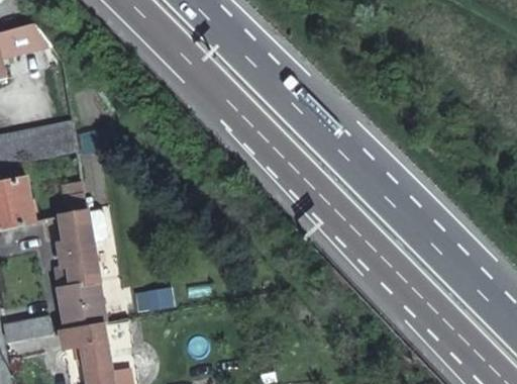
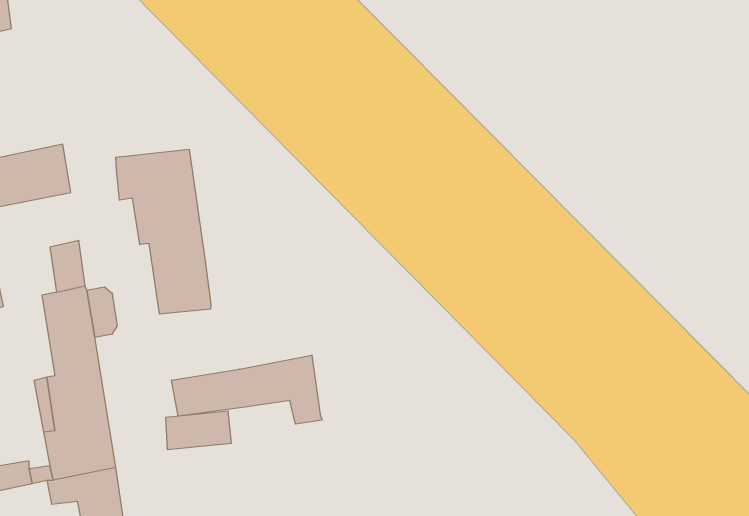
building: none -> [116,149,211,314]
building: none -> [172,355,322,424]

